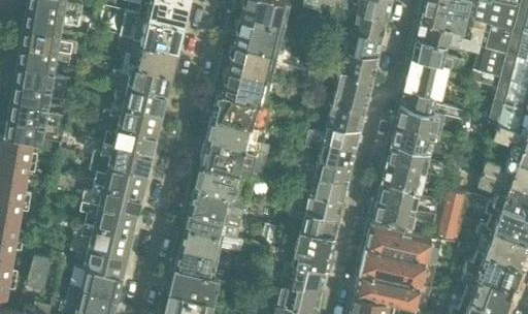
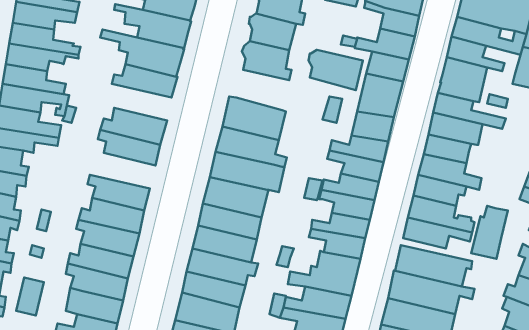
building: [223,69,271,105] -> [309,50,363,90]
building: [110,82,166,115] -> none
building: [93,144,152,176] -> none

